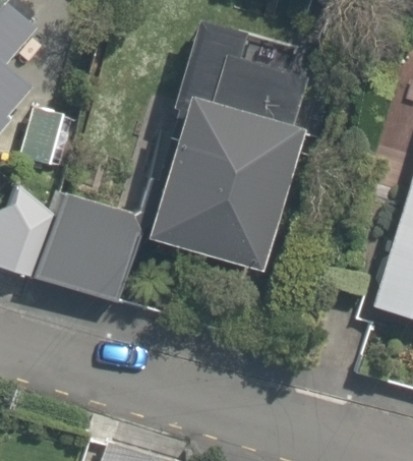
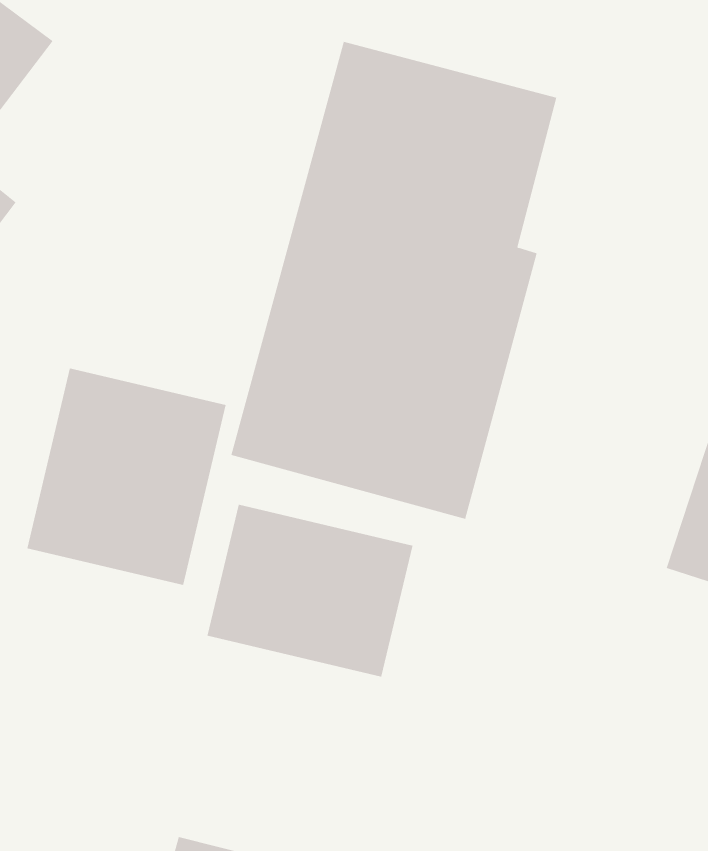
building: none -> [207,504,413,677]

